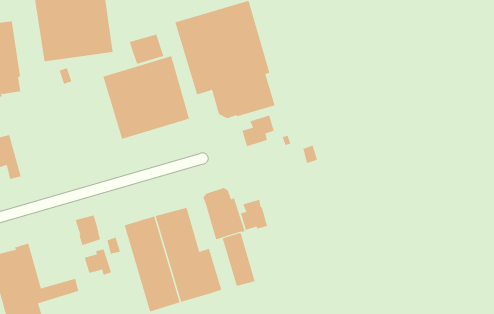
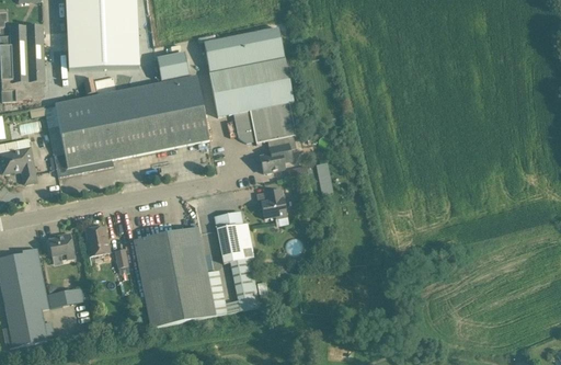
building: none -> [45,89,139,176]
building: [240,199,268,230] -> [261,189,287,218]
building: [84,249,112,275] -> [49,232,76,259]

